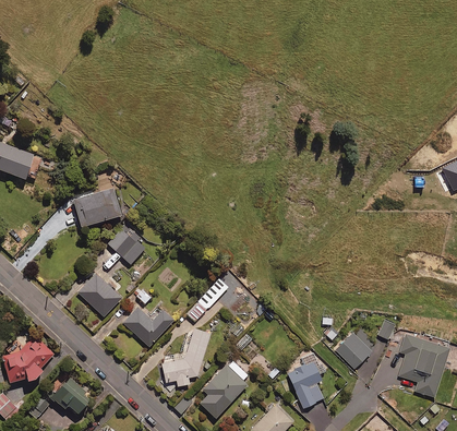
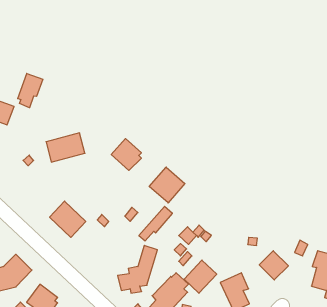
building: none -> [18,73,43,108]
building: [108,225,145,264] -> [111,139,141,170]
building: none -> [149,167,185,203]
building: [122,304,173,346] -> none
building: none -> [184,260,217,293]

